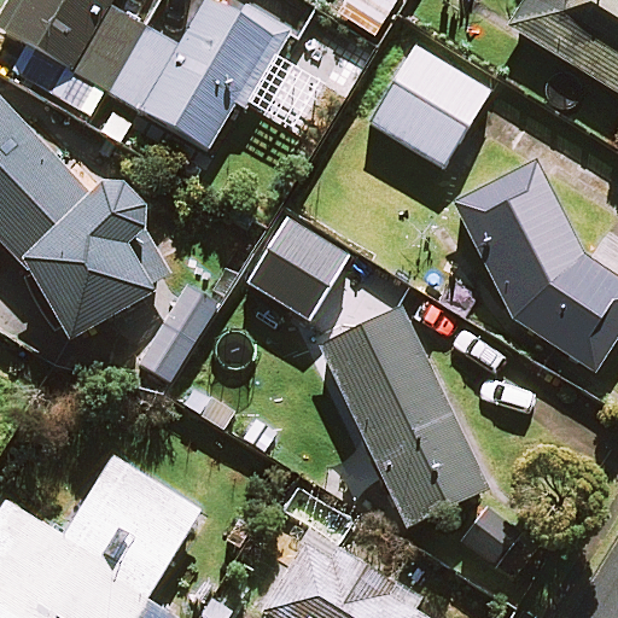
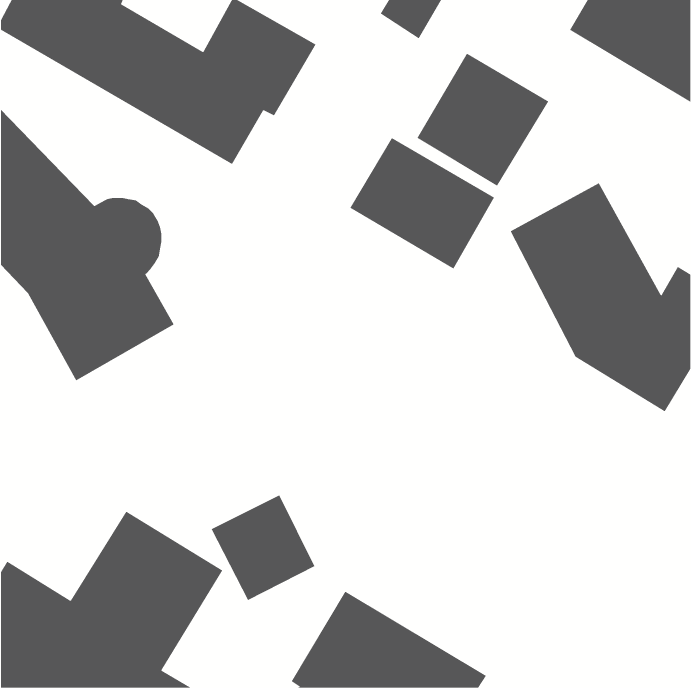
building: none -> [350,137,495,270]
building: [261,238,486,524] -> none
building: none -> [211,495,315,601]

